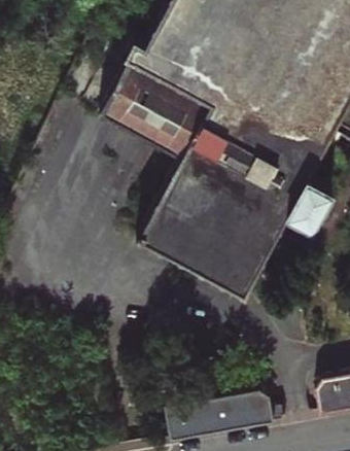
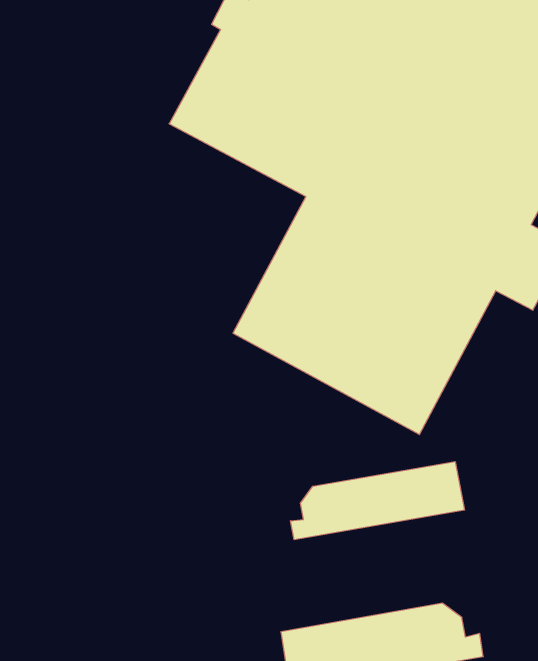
building: none -> [291,462,465,540]

